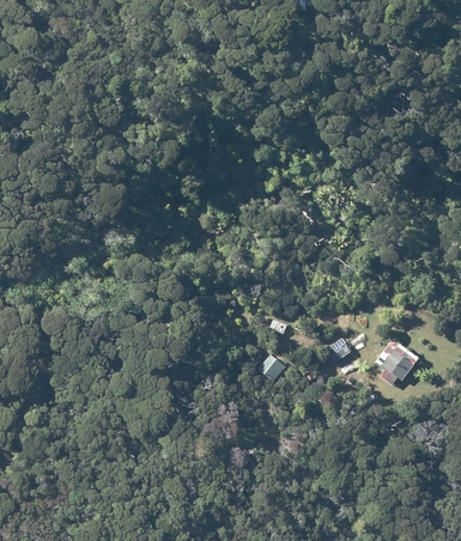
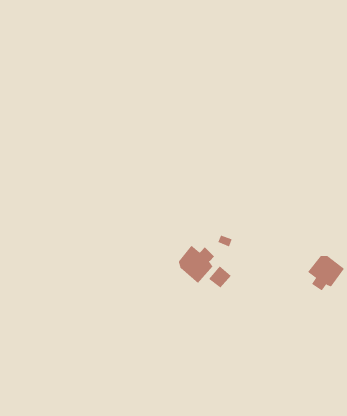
building: none -> [178,245,215,284]

